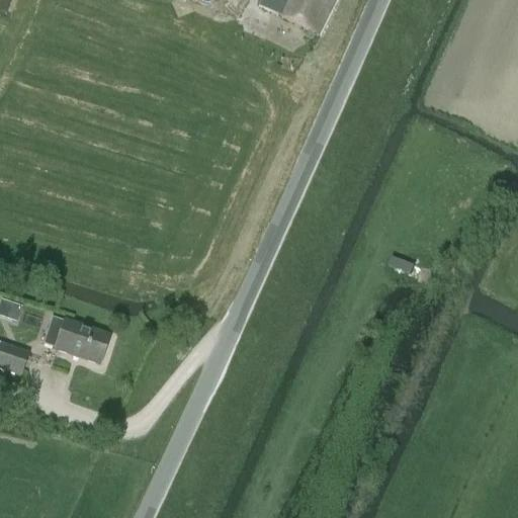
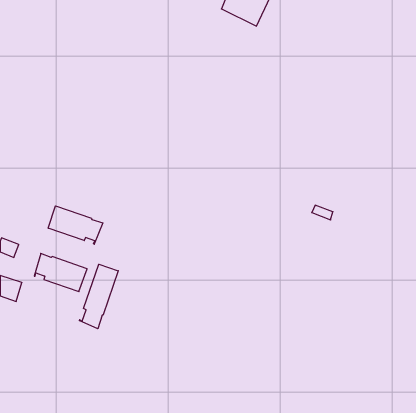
building: none -> [48,206,103,244]
building: none -> [79,264,118,329]

